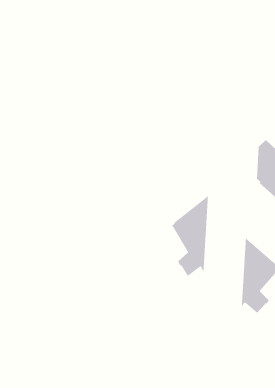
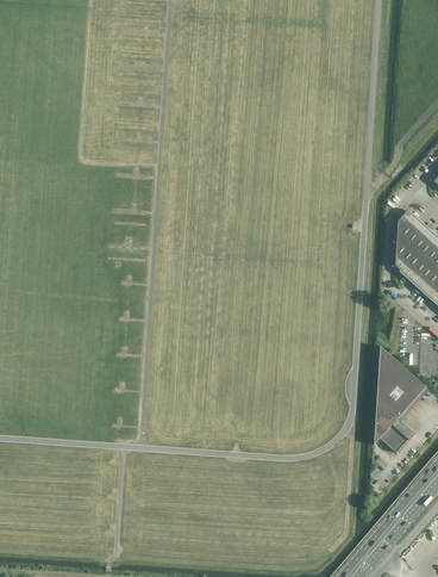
building: [172,195,209,277] -> none

